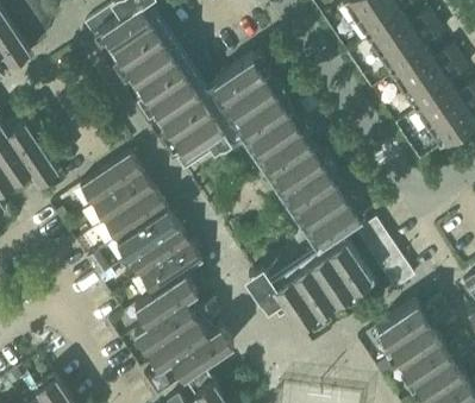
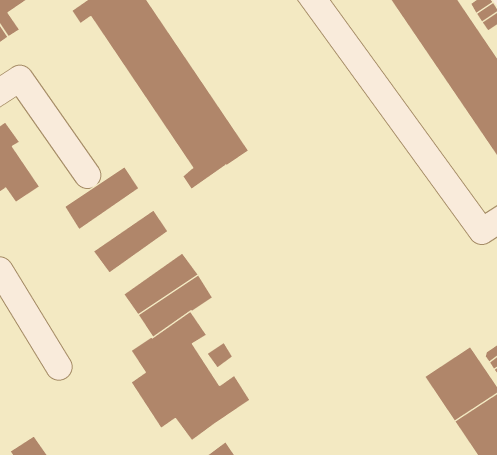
building: [213,58,361,246] -> none
building: [90,174,152,226] -> none
building: [115,209,176,262] -> none
building: [356,222,414,292] -> none
building: [248,241,371,328] -> none

